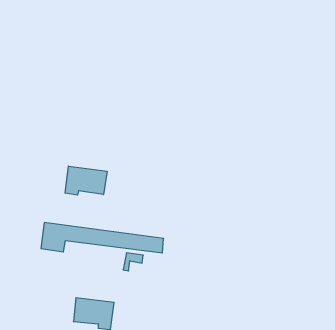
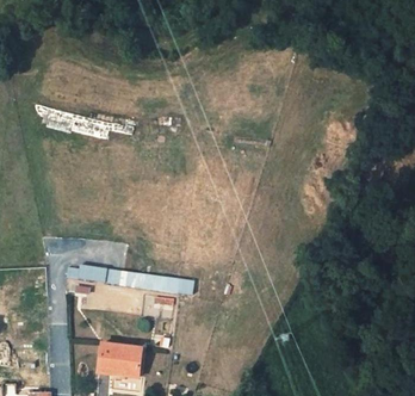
building: [65,166,107,195] -> none

